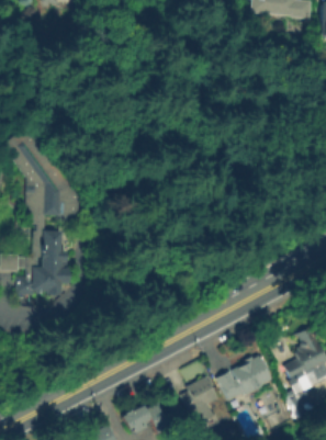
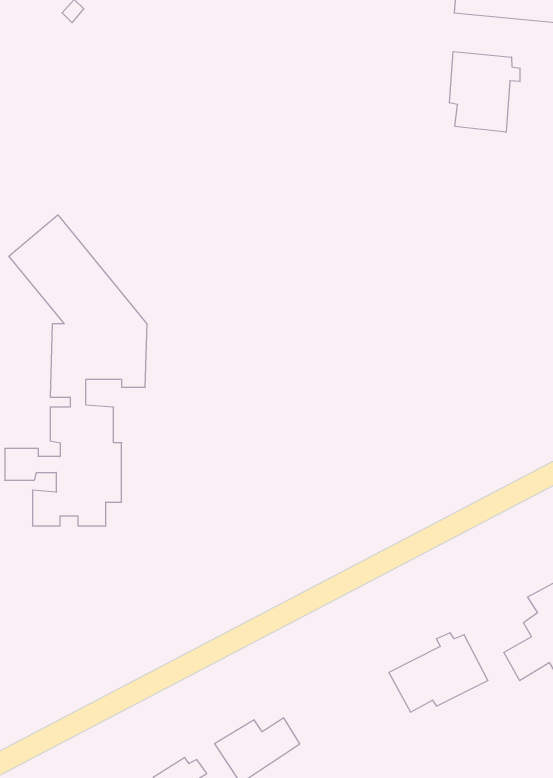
building: none -> [450,52,520,132]
building: [181,377,220,424] -> none

